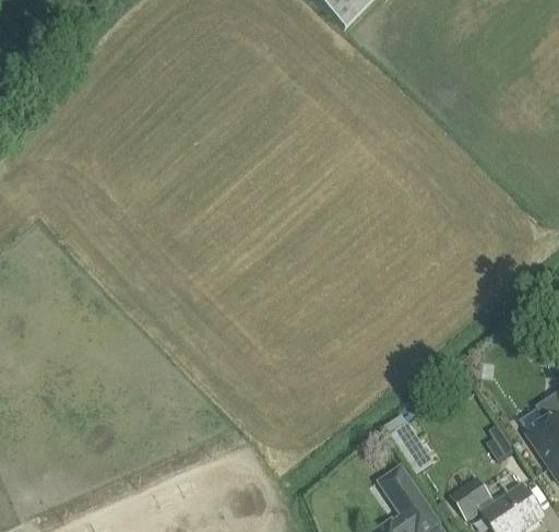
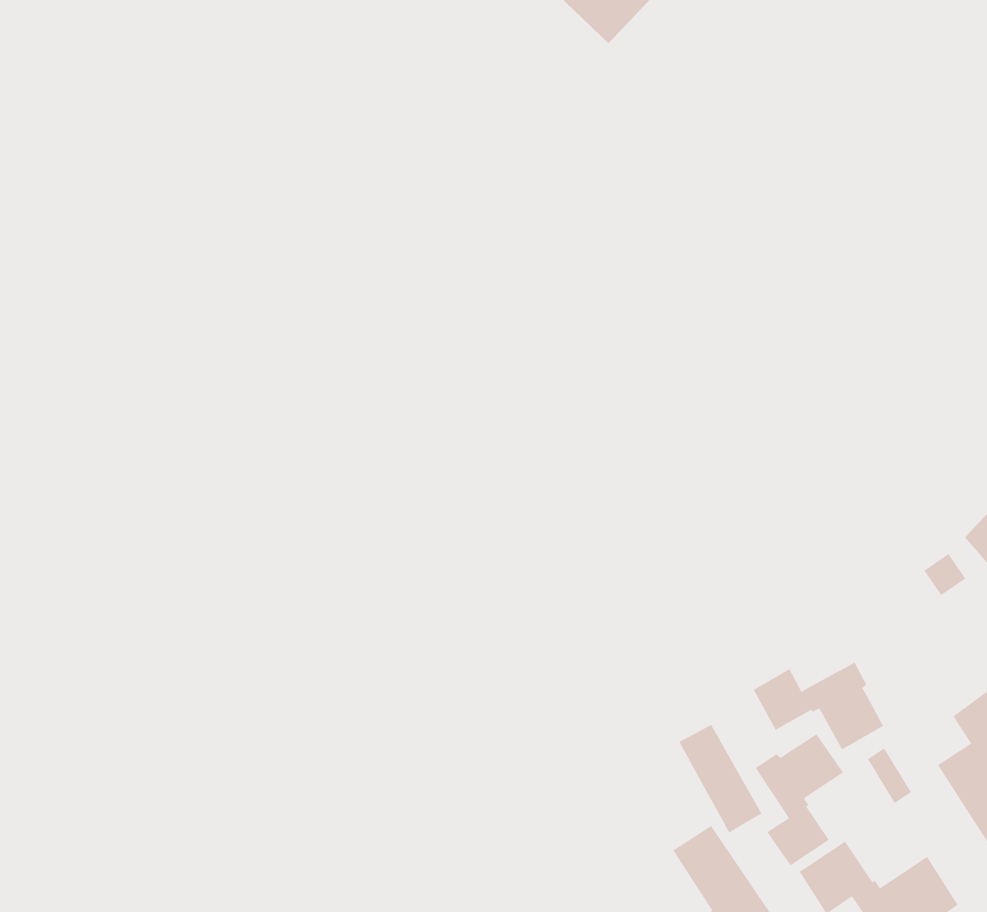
building: none -> [753,662,884,750]
building: none -> [755,733,844,866]

